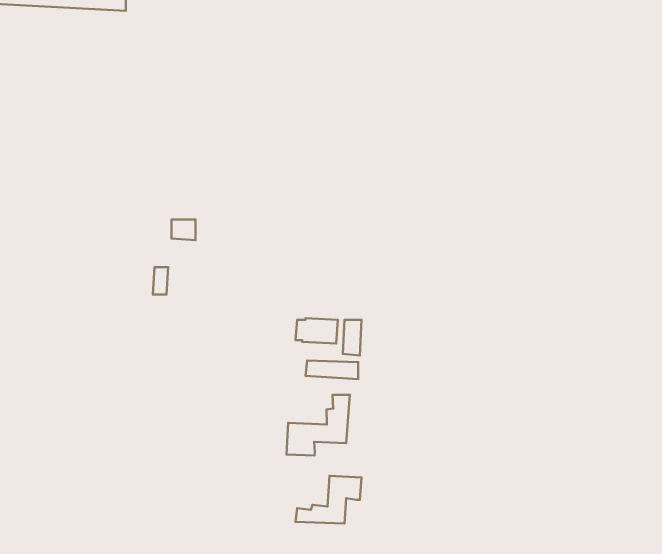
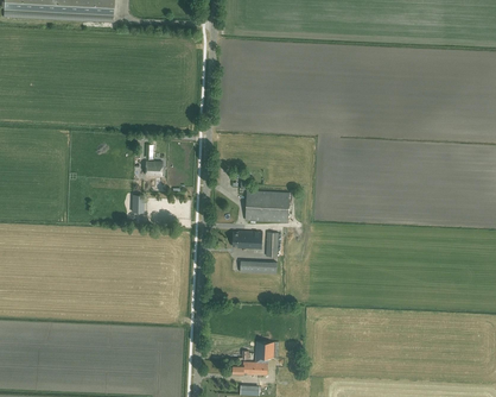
building: none -> [244,190,288,222]
building: [287,395,350,455] -> none

